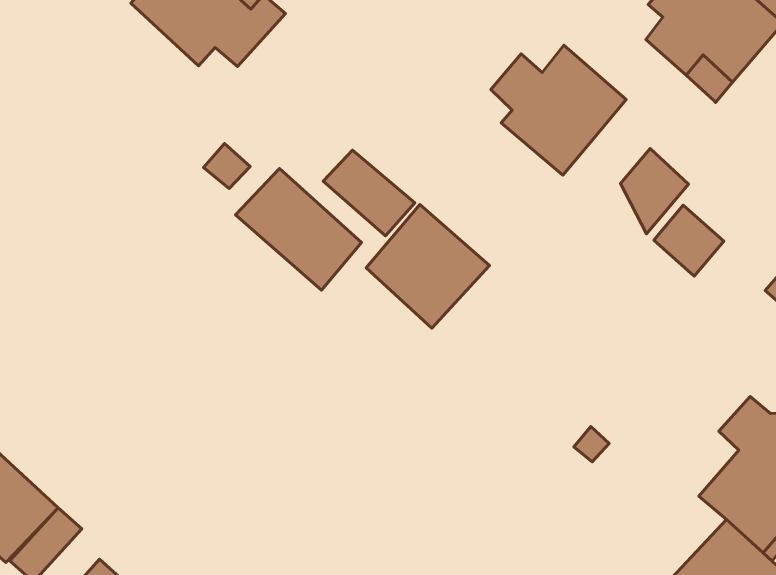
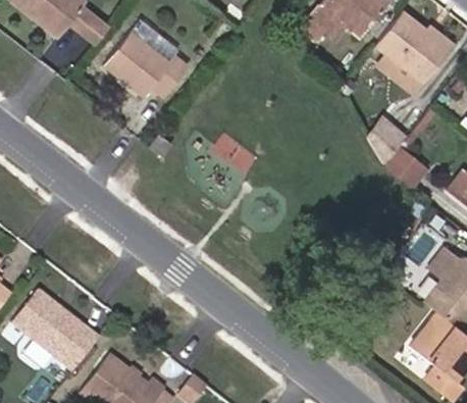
building: [491,45,626,175] -> none
building: [236,169,362,290] -> none
building: [366,205,490,328] -> none

